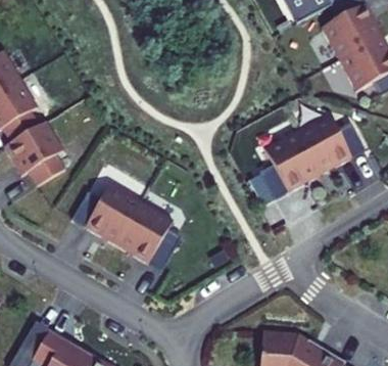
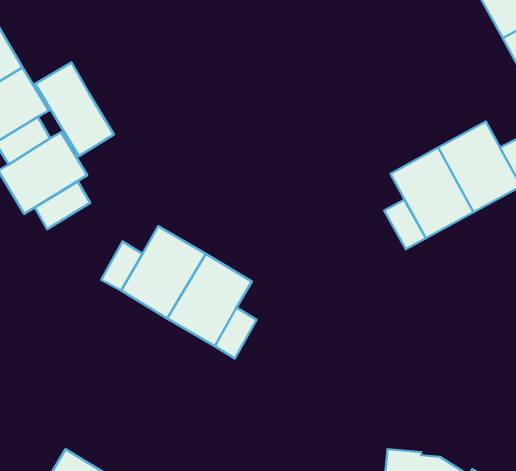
building: none -> [35,63,114,156]

